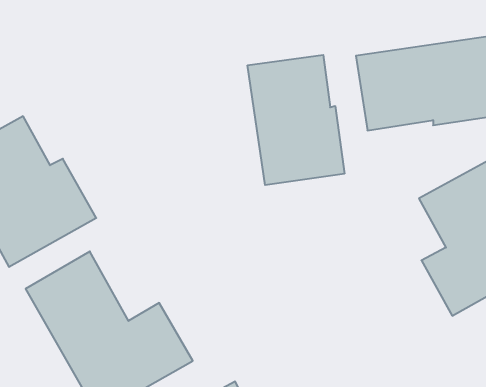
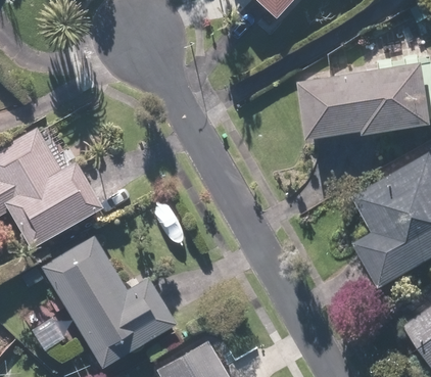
building: [248,55,344,185] -> none

